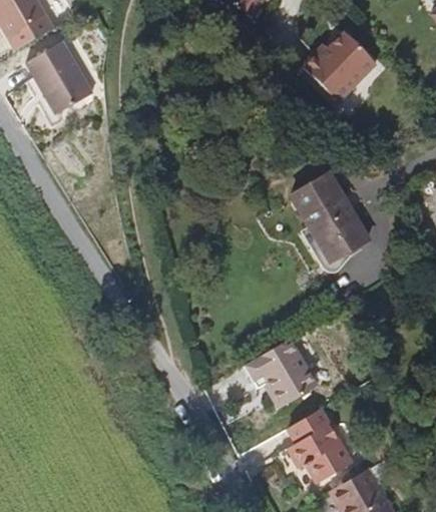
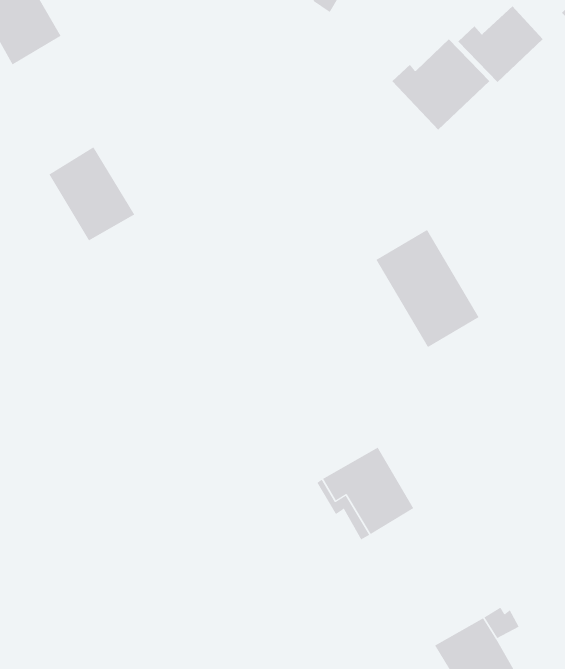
building: none -> [457,6,544,83]
building: [29,42,94,113] -> [48,146,135,241]
building: [288,408,351,481] -> none

